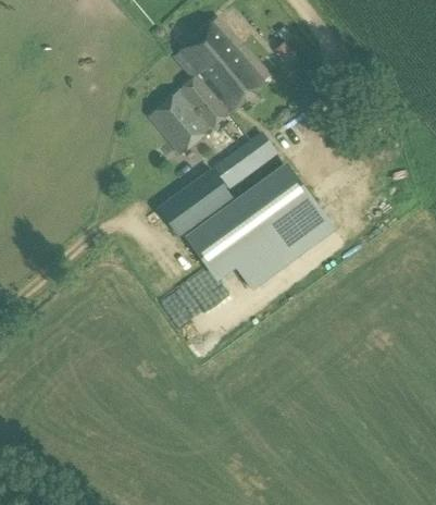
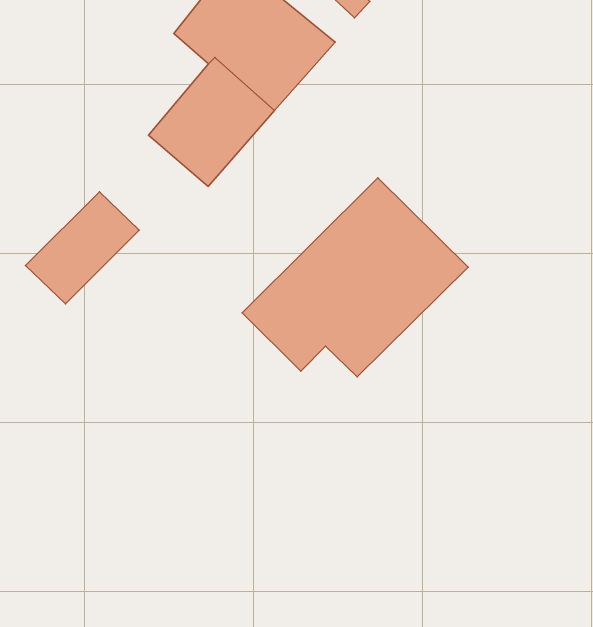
building: [214,134,275,188] -> none
building: [157,171,229,236] -> [26,192,139,304]

